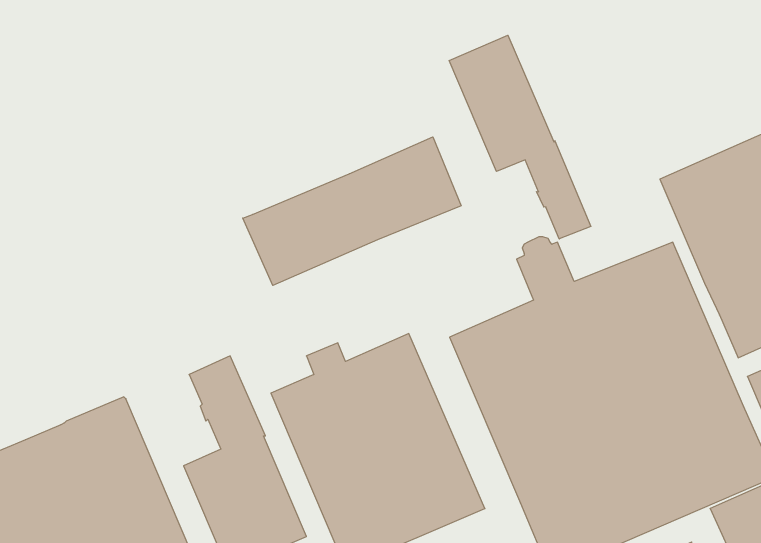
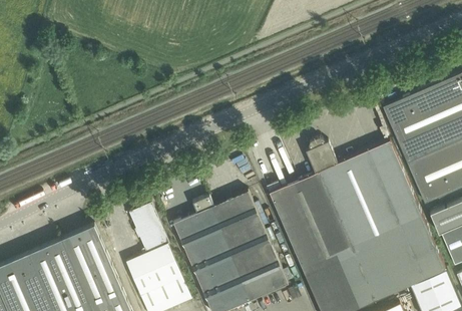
building: [449,35,591,239] -> none
building: [243,137,461,285] -> none

